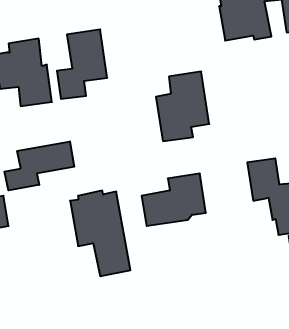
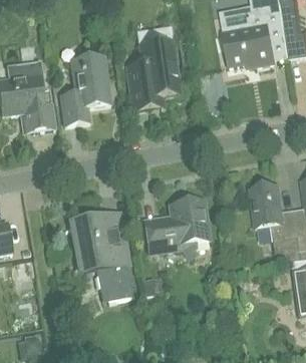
building: [156,72,209,141] -> [126,39,180,108]
building: [4,141,74,190] -> none

